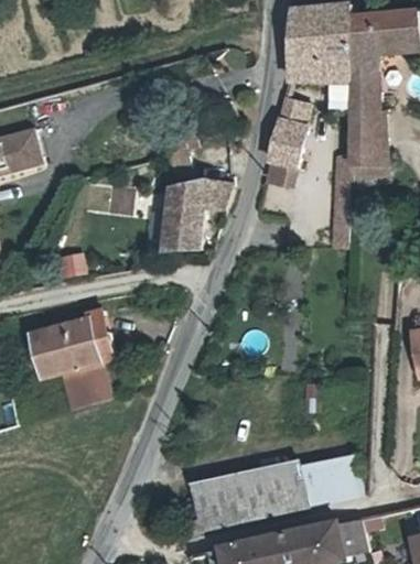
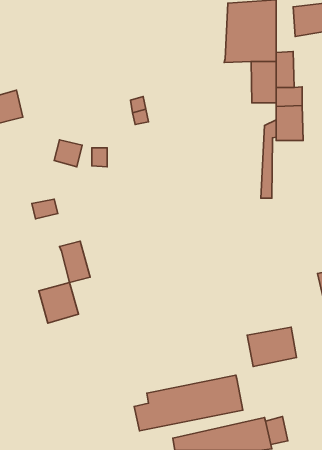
building: [353,14,376,70] -> none
building: [268,96,306,170] -> none
building: [164,174,227,249] -> none
building: [33,314,99,367] -> none
building: [304,460,365,509] -> [247,327,296,367]

